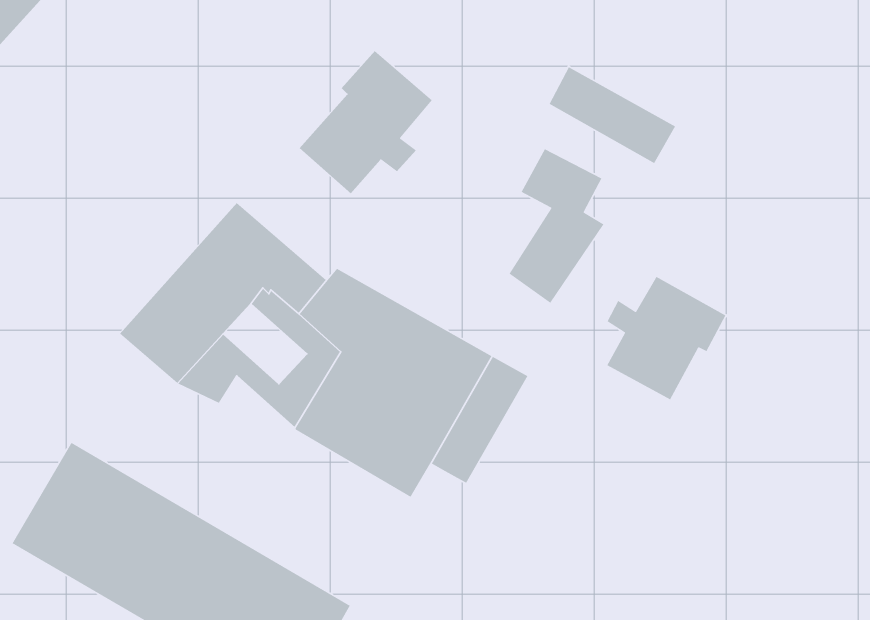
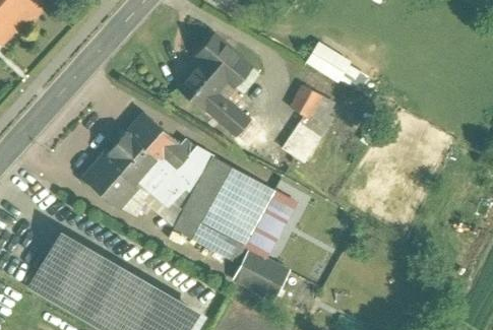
building: none -> [201,89,252,139]
building: [606,276,727,401] -> none
building: none -> [136,162,179,203]
building: none -> [232,248,288,300]

